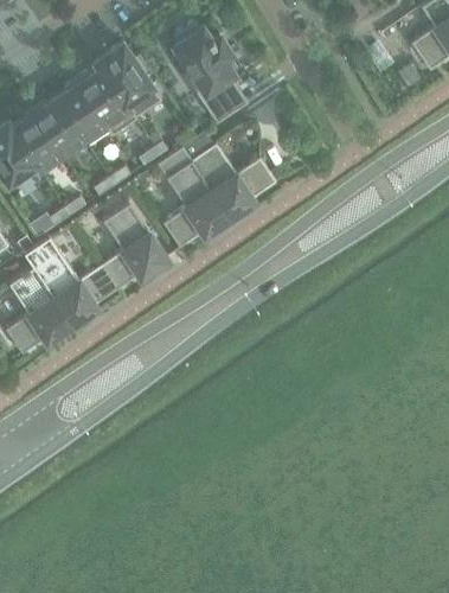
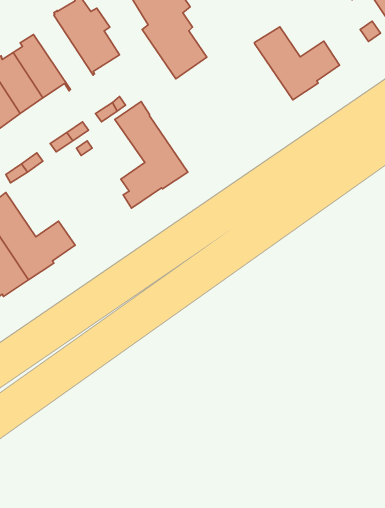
building: [76,60,135,134] -> none
building: [191,144,275,216] -> [255,27,340,100]
building: [101,202,173,288] -> none

